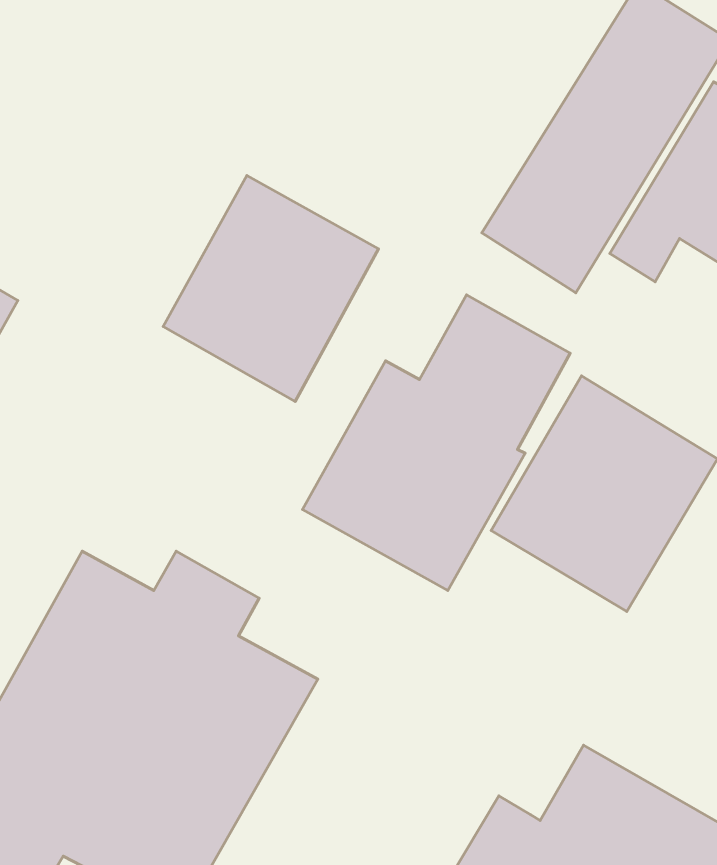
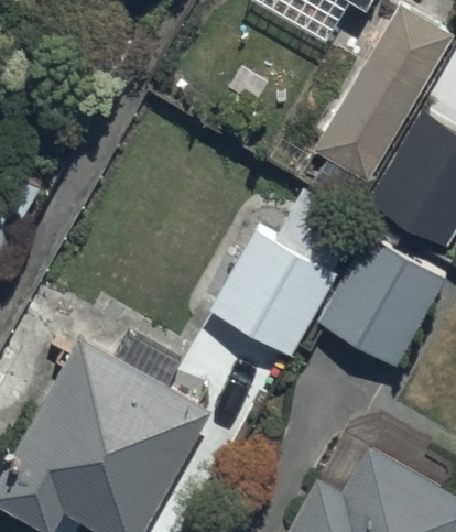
building: [163,176,378,402] -> none

